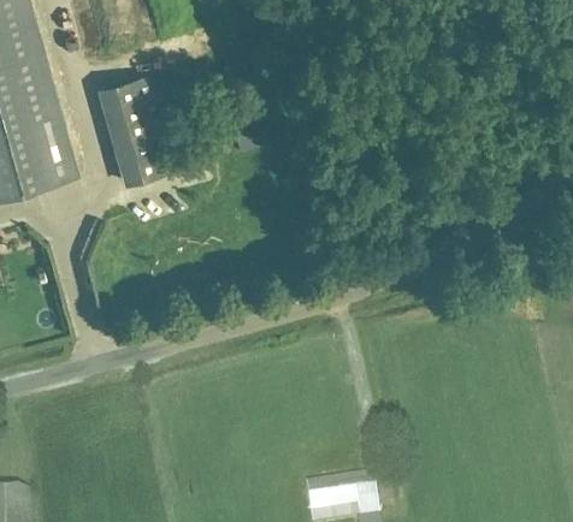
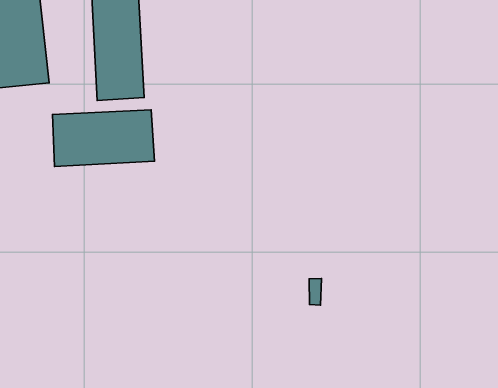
building: none -> [52,110,155,166]

